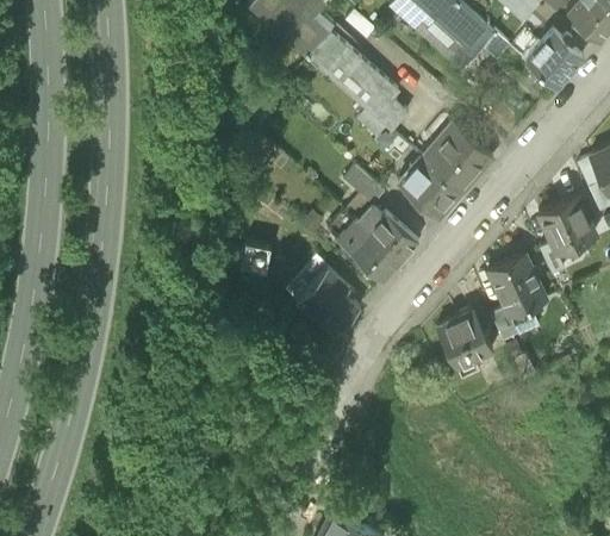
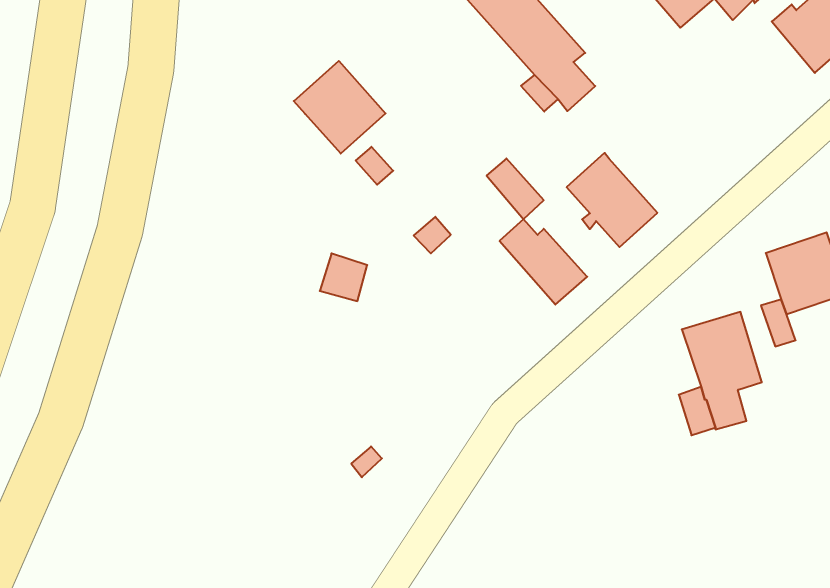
building: none -> [294,61,386,154]
building: [424,121,493,193] -> none
building: [336,222,400,283] -> none
building: [286,262,360,338] -> none
building: [437,310,493,380] -> none

